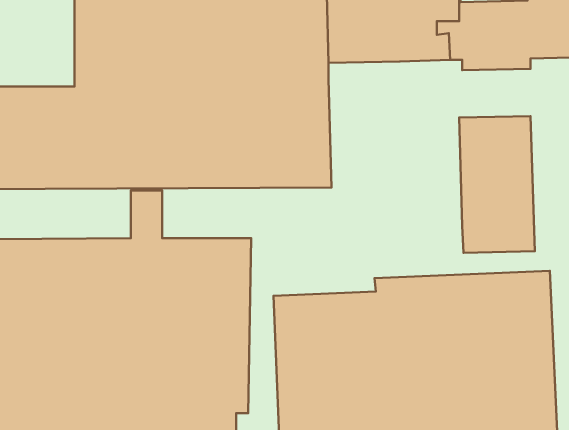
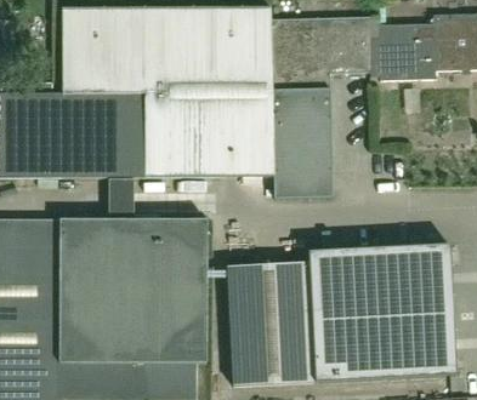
building: [459,116,535,253] -> [271,86,333,198]

